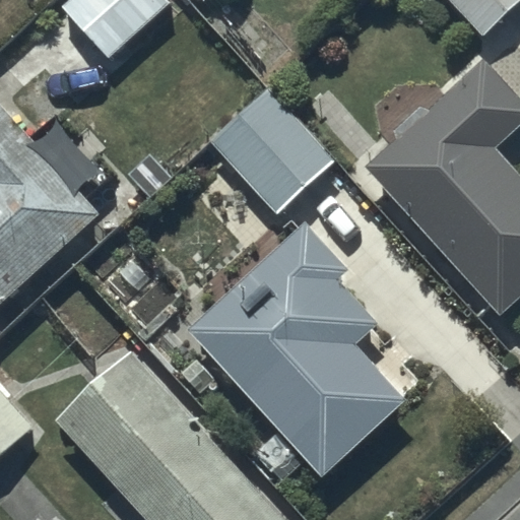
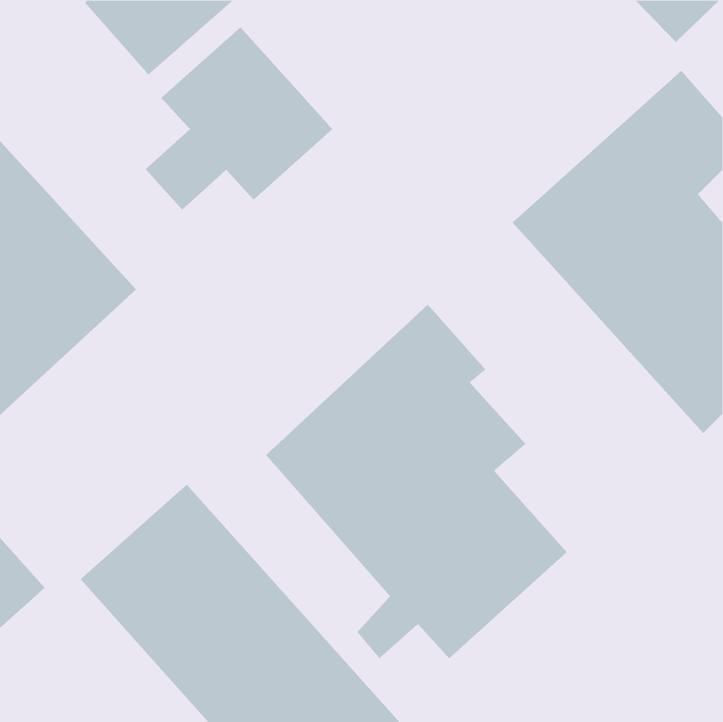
building: [198,89,332,220] -> [145,26,333,210]

